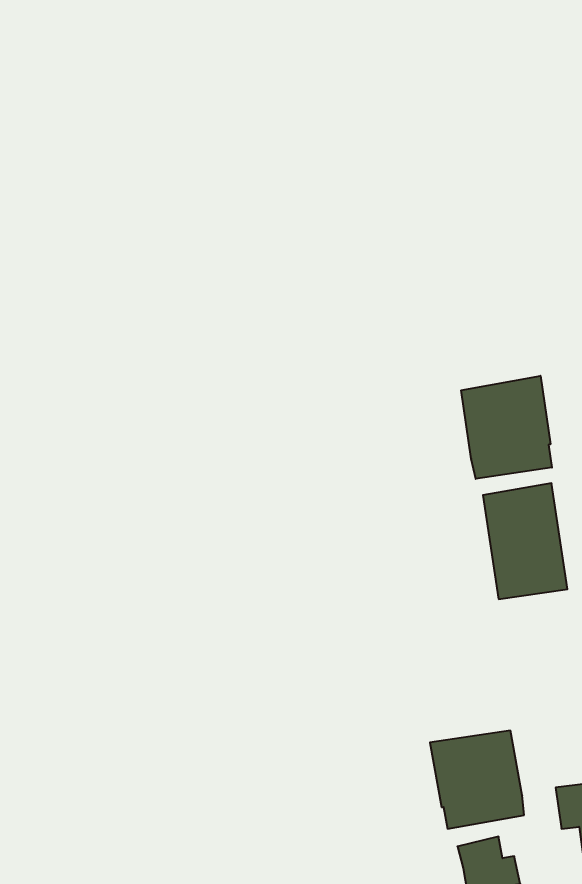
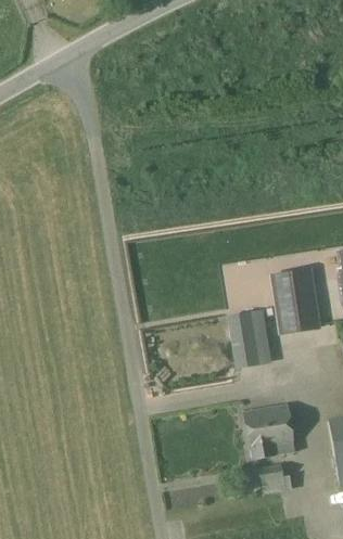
building: [461,376,552,479] -> none
building: none -> [229,312,259,367]

